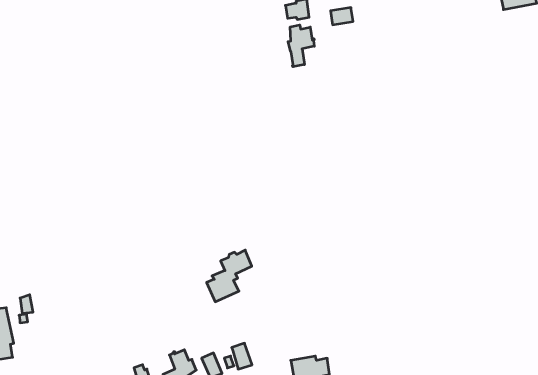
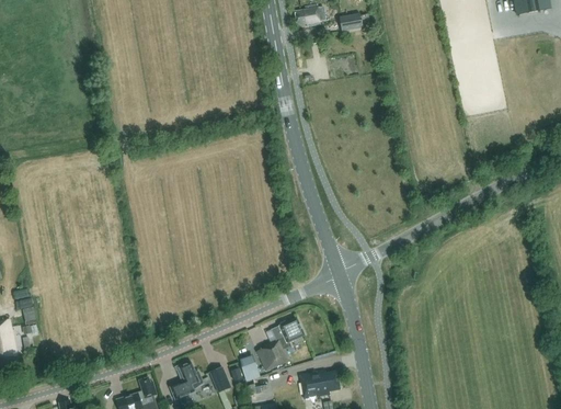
building: [288,25,314,67] -> none
building: [207,250,252,302] -> [256,319,302,372]

